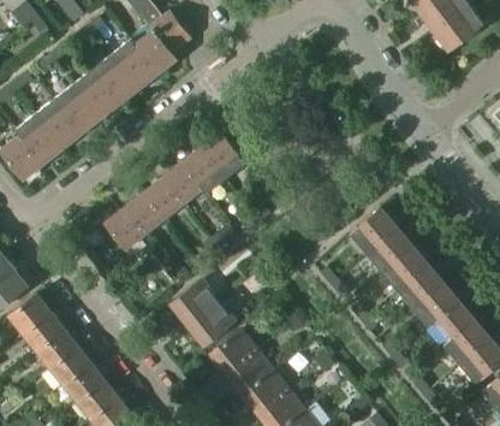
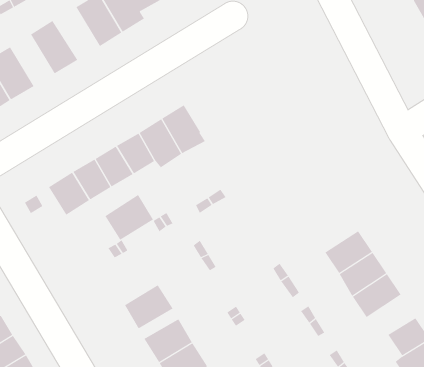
building: [91,55,137,103] -> none
building: [55,85,99,132] -> none
building: [350,208,395,253] -> none
building: [172,279,218,324] -> [104,194,154,240]
building: [412,283,458,327] -> none

